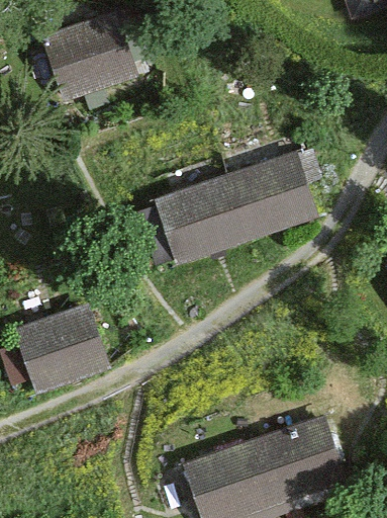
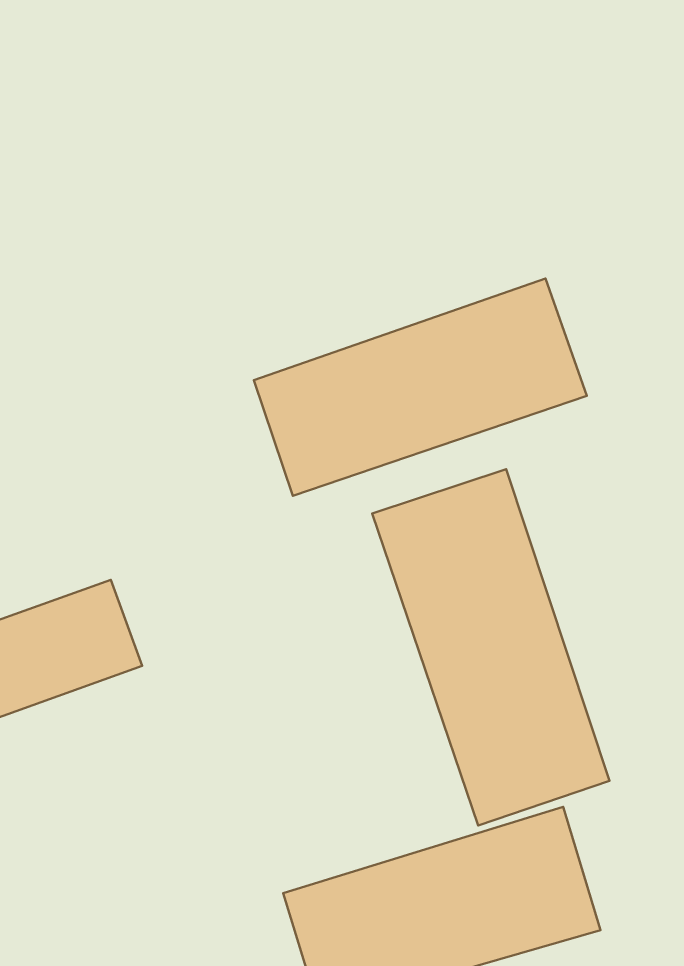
building: [53,9,141,88] -> none
building: none -> [372,469,609,826]

